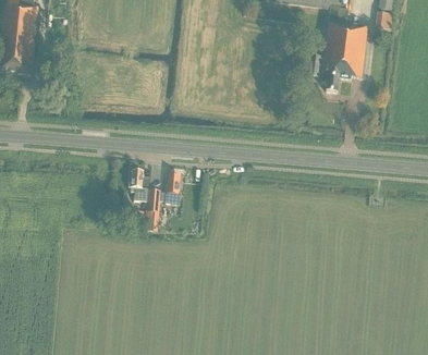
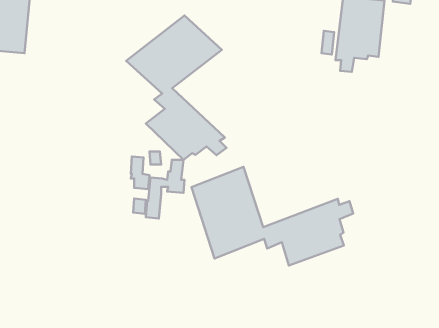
building: none -> [126,16,227,160]
building: none -> [192,167,353,265]

